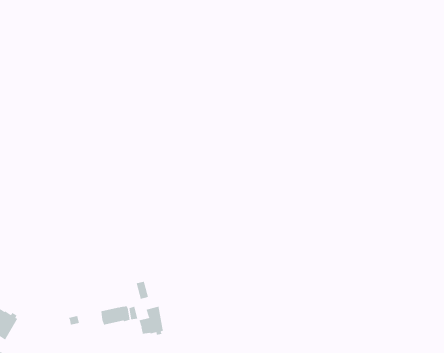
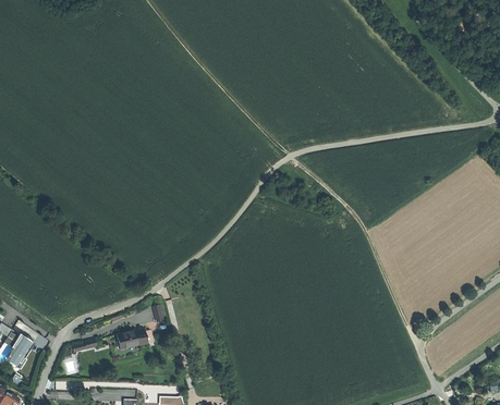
building: [139,306,164,335] -> none

